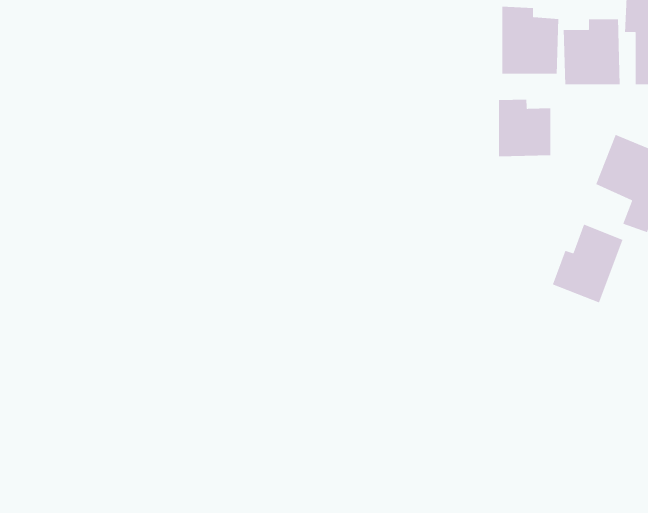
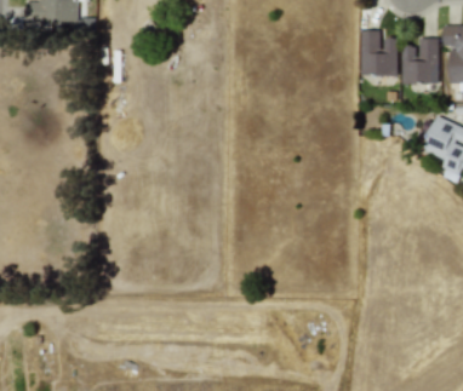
building: [498,99,551,157] -> none
building: [552,224,623,304] -> none

